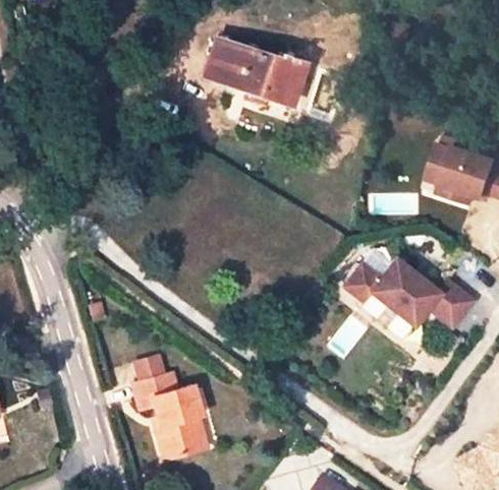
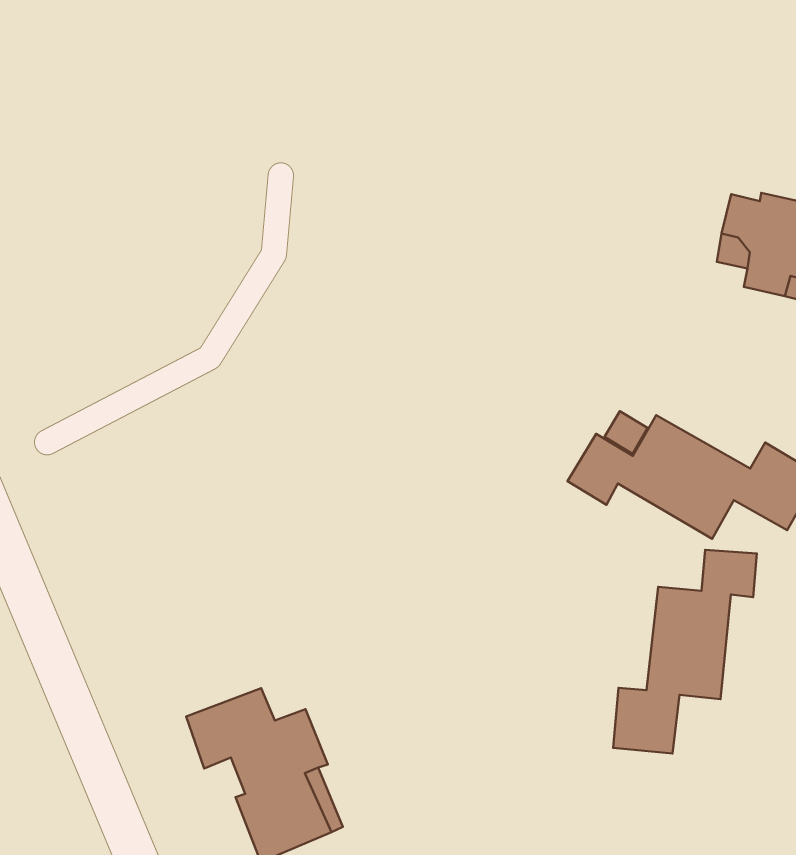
building: [206,42,308,108] -> none
building: none -> [613,550,757,754]

